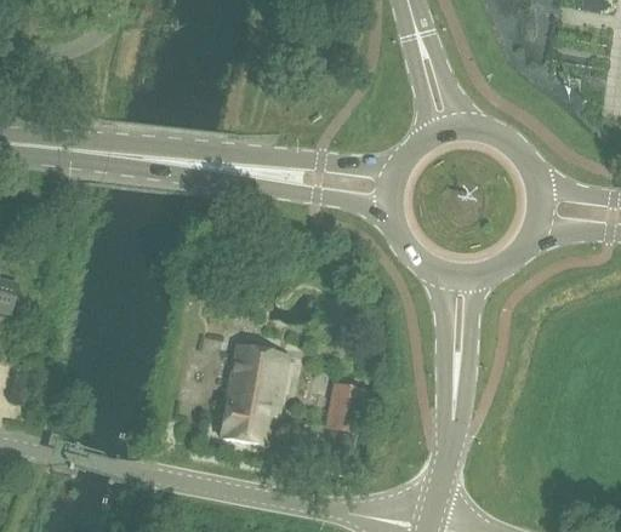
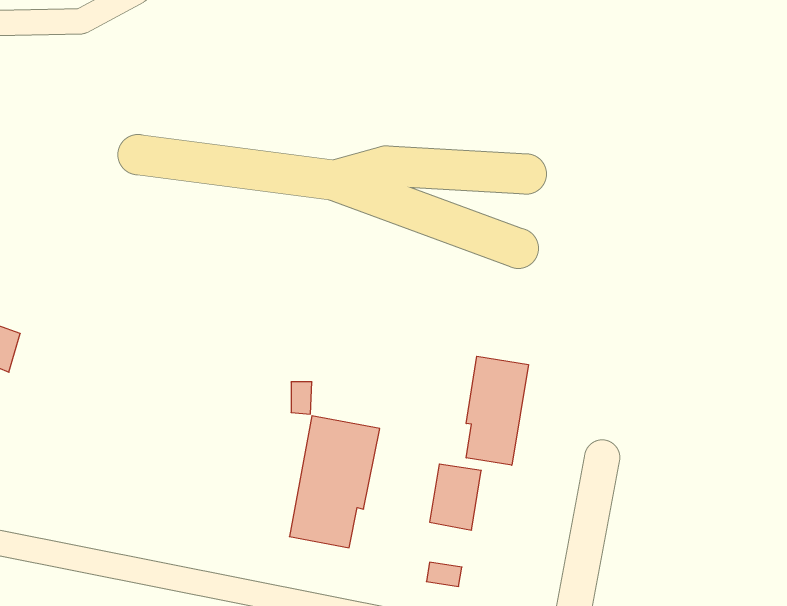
building: none -> [466,356,528,465]

